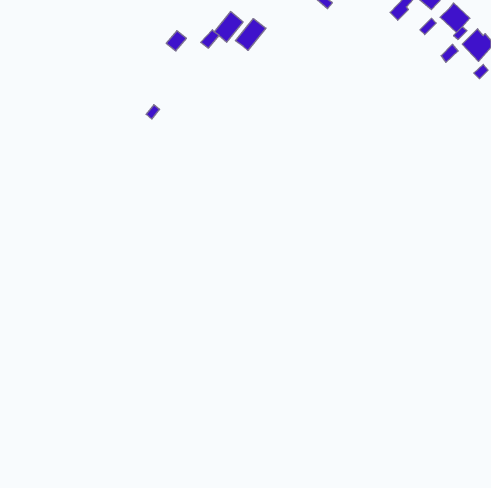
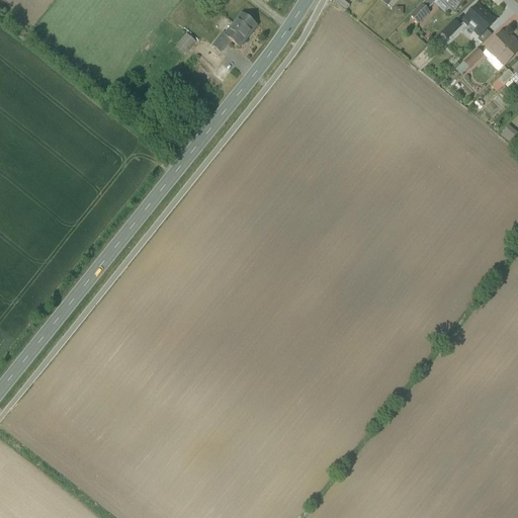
building: [235,19,266,50] -> none

